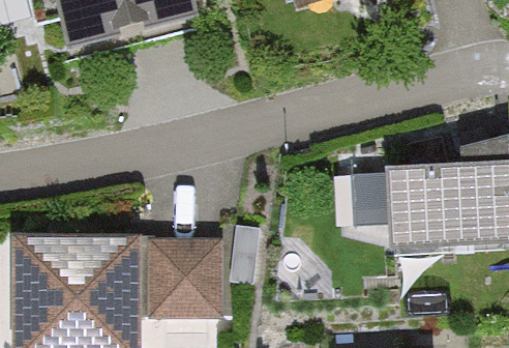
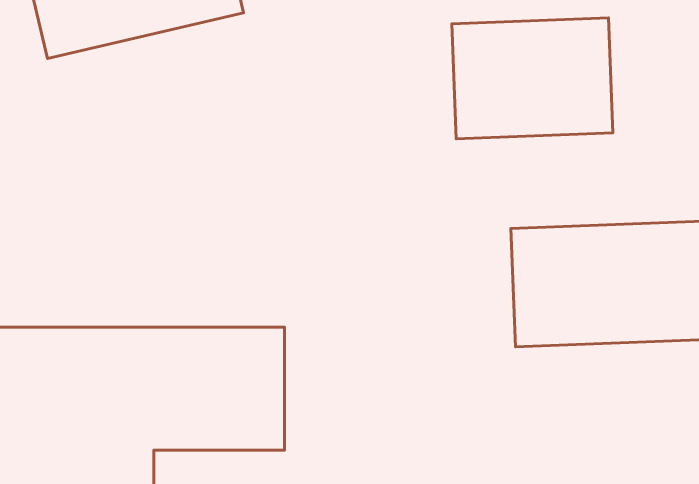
building: none -> [452,18,613,139]

